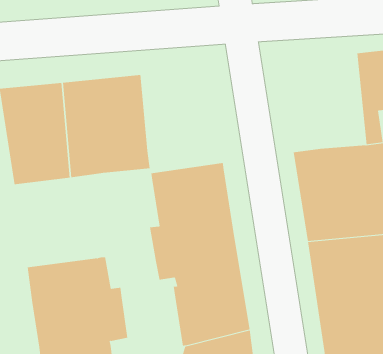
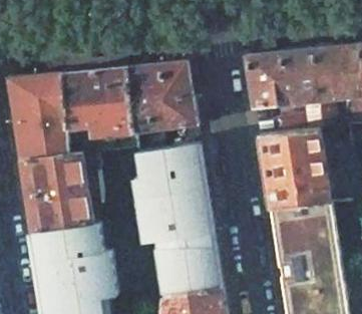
building: none -> [245,48,319,129]
building: none -> [127,60,195,131]
building: none -> [19,150,99,231]

